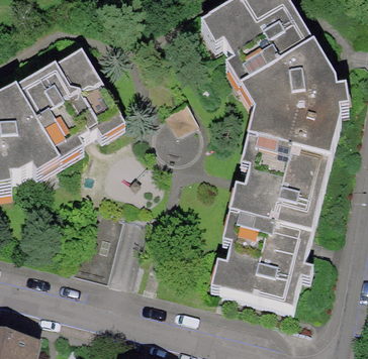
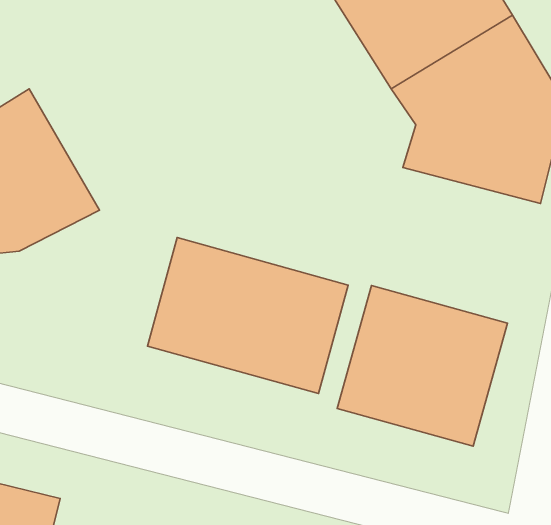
building: [20,48,127,161] -> none
building: [232,135,336,231] -> none
building: none -> [147,238,348,393]

